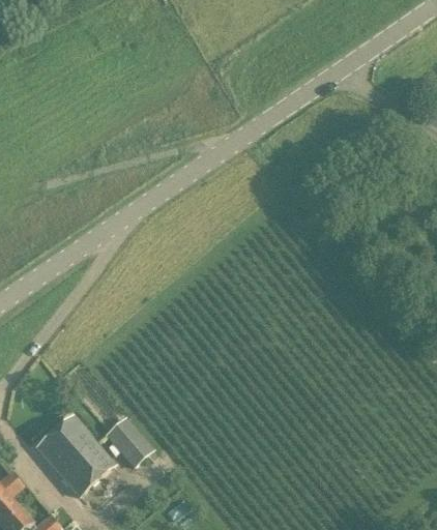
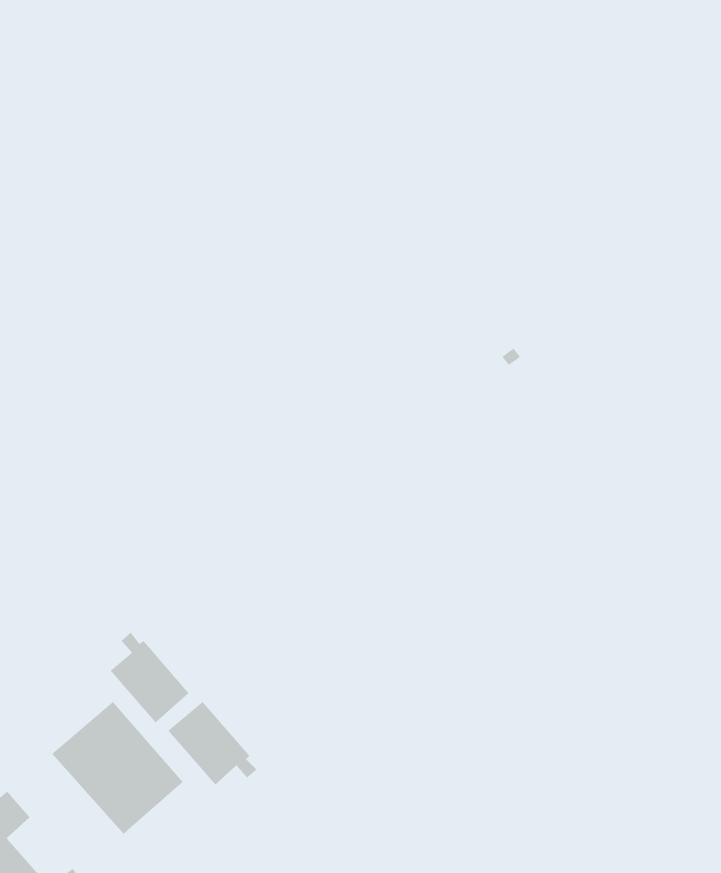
building: none -> [110,632,189,723]

